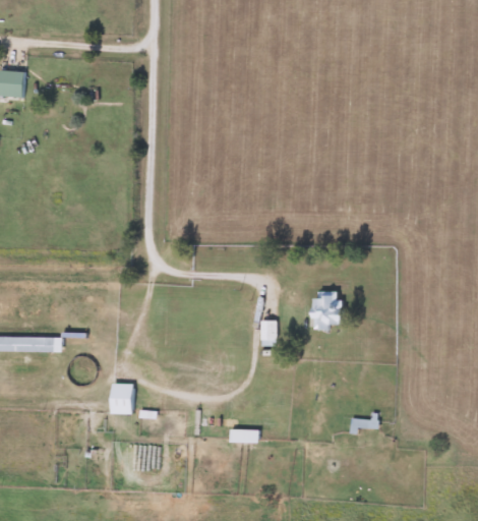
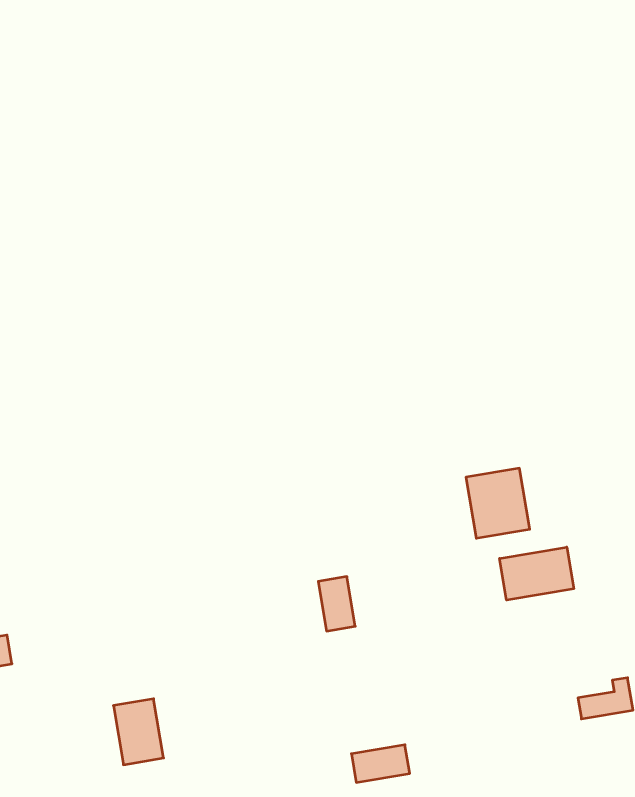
building: [260,320,276,346] -> [318,577,355,631]
building: none -> [500,547,574,600]

